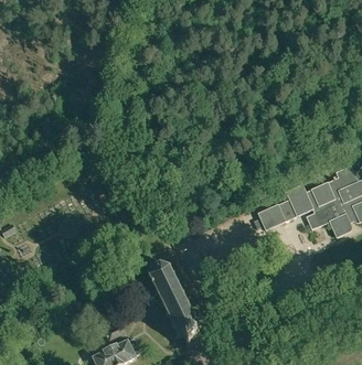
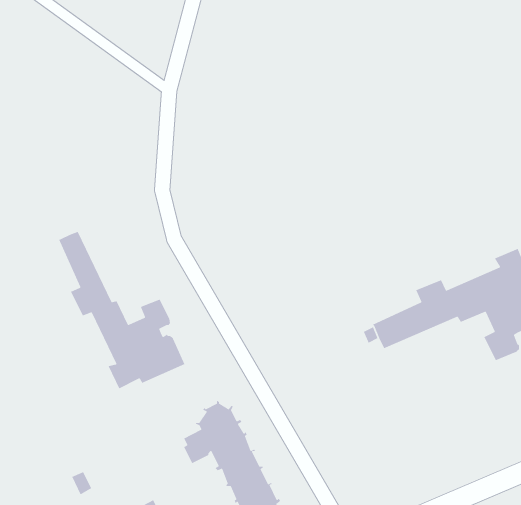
building: none -> [58,231,185,390]

